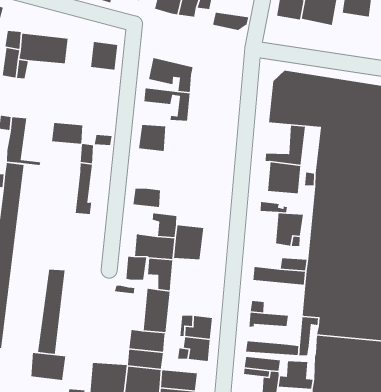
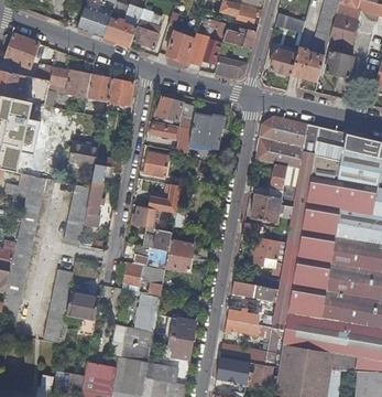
building: none -> [87,73,112,99]
building: none -> [186,112,223,159]
building: none -> [149,183,181,212]
building: none -> [63,184,90,244]
building: [30,352,66,381] -> [67,292,99,319]

